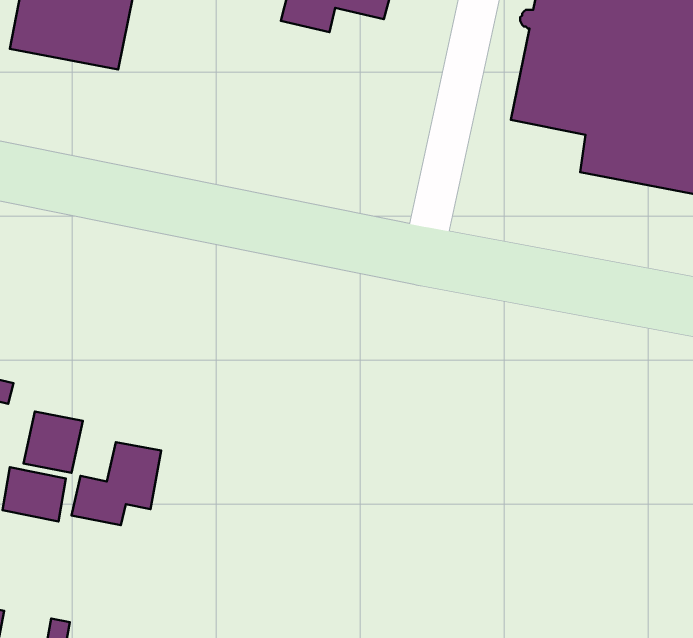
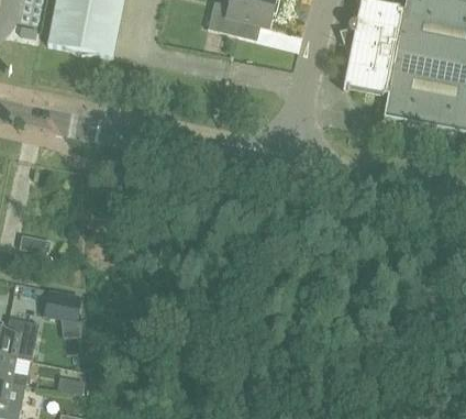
building: [23,411,83,473] -> none
building: [71,442,161,525] -> none

